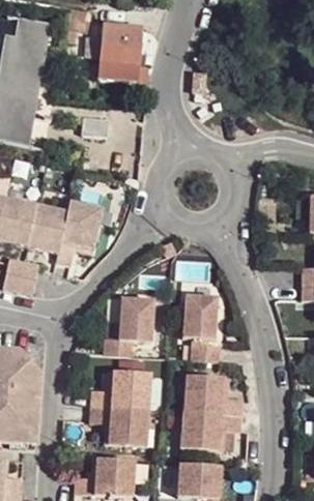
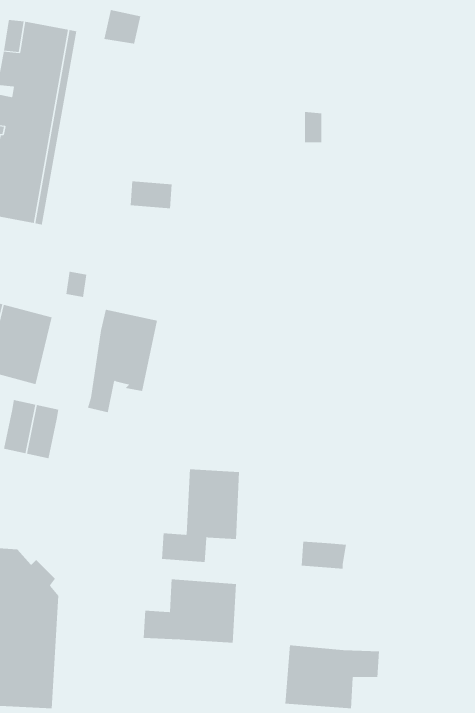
building: [97,27,142,83] -> none
building: [25,204,65,255] -> none
building: [183,296,220,341] -> none
building: [184,375,244,414] -> none
building: [90,406,149,445] -> none

